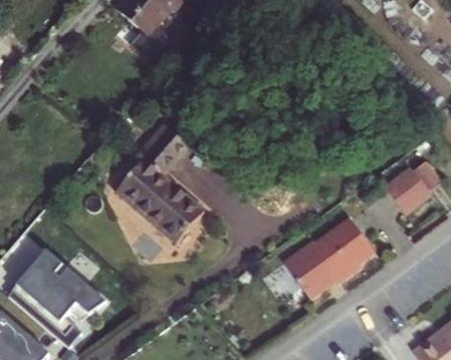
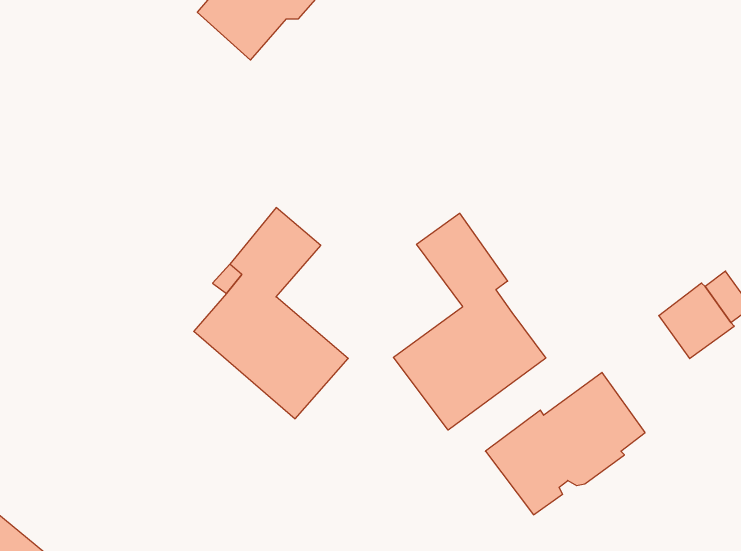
building: none -> [393,213,546,430]
building: [11,237,98,311] -> none

